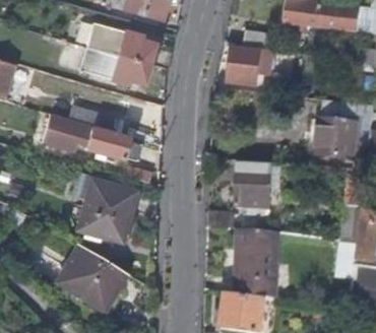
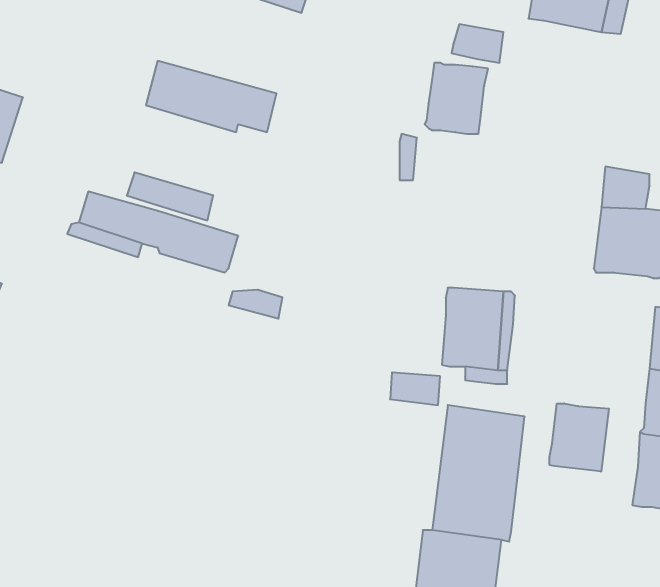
building: [85,21,167,67] -> none
building: [77,181,133,243] -> none
building: none -> [549,403,609,472]
building: [57,246,124,313] -> none

